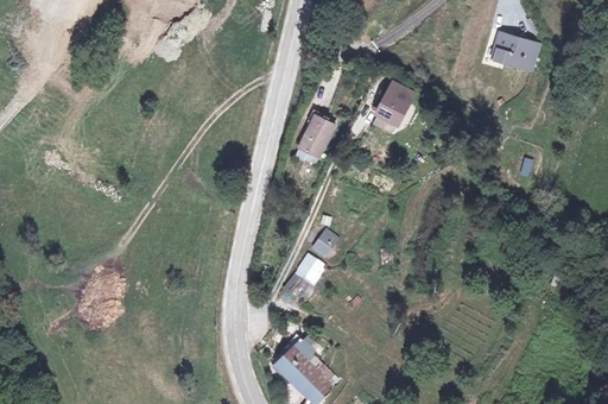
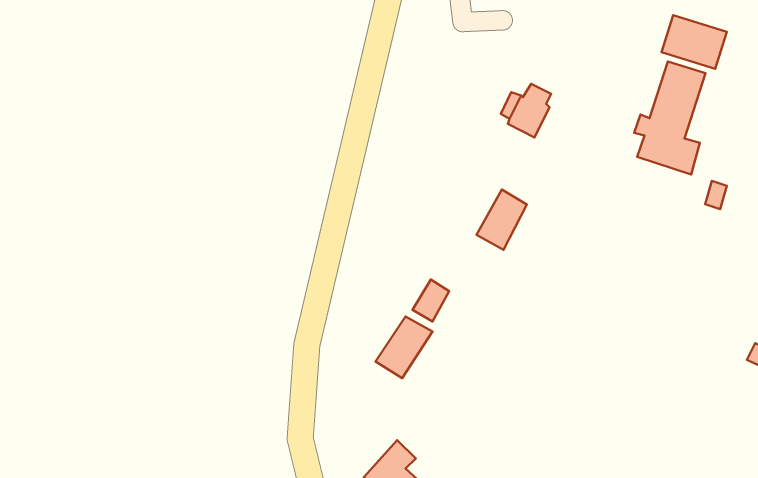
building: none -> [634,61,705,174]
building: [302,114,337,157] -> [477,190,527,250]

